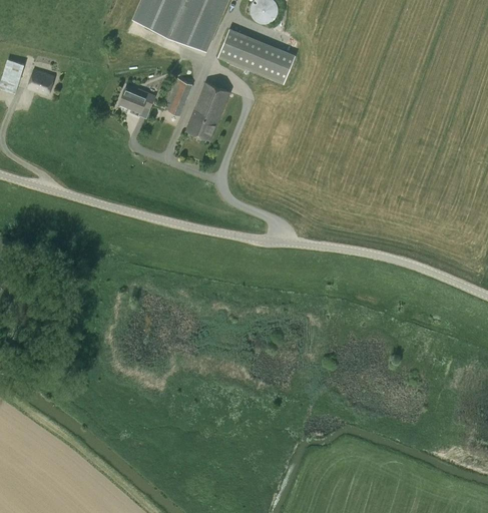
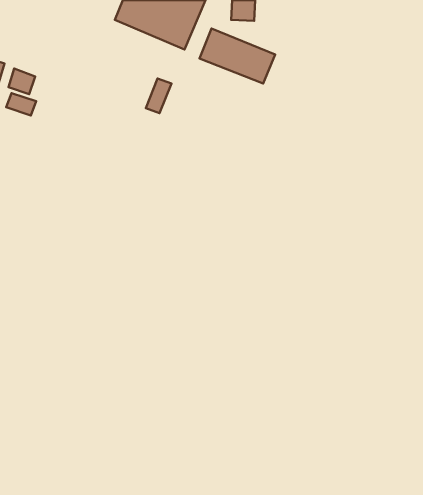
building: [186,82,229,139] -> none
building: [119,88,154,111] -> none
building: none -> [6,93,36,115]

